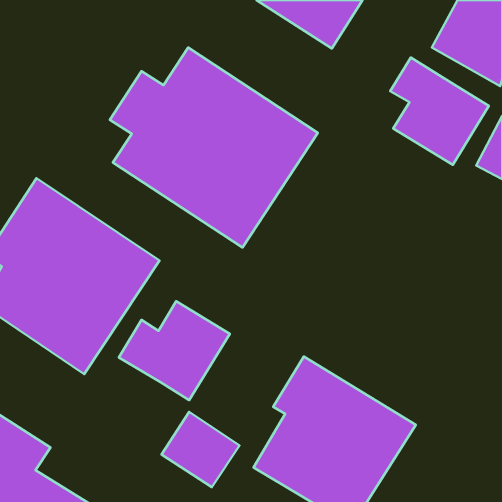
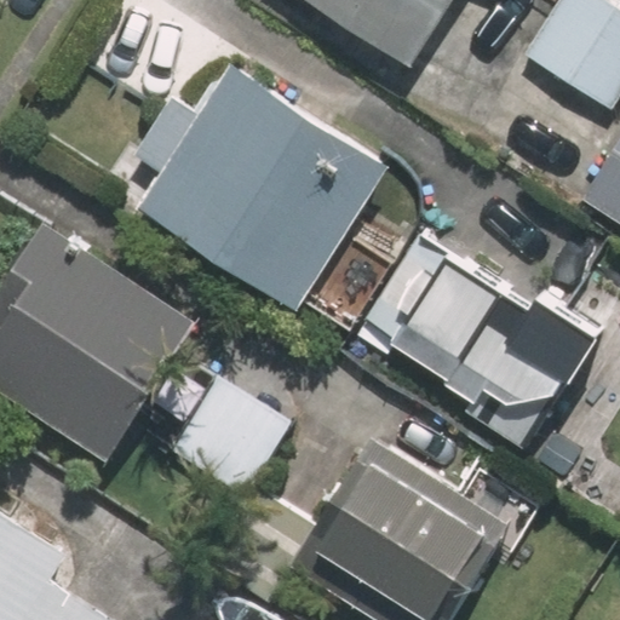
building: [390,58,489,165] -> none
building: none -> [363,235,599,450]

